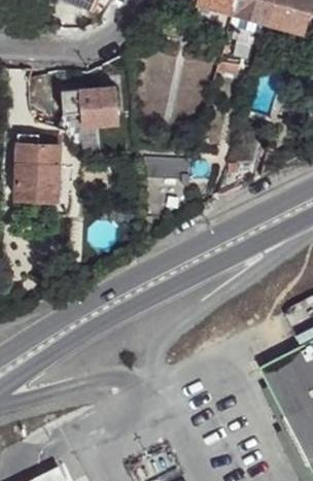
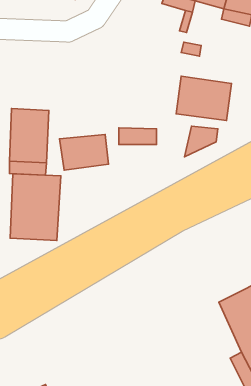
building: [63,82,120,125] -> [60,134,109,170]
building: none -> [176,76,231,120]
building: none -> [10,174,61,240]

